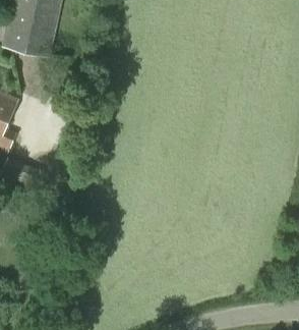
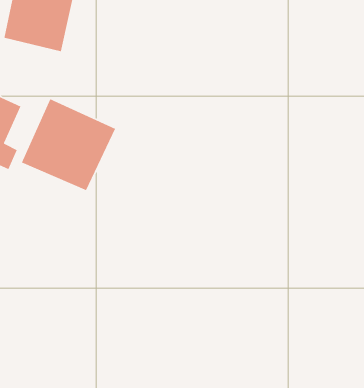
building: none -> [21,98,116,191]

